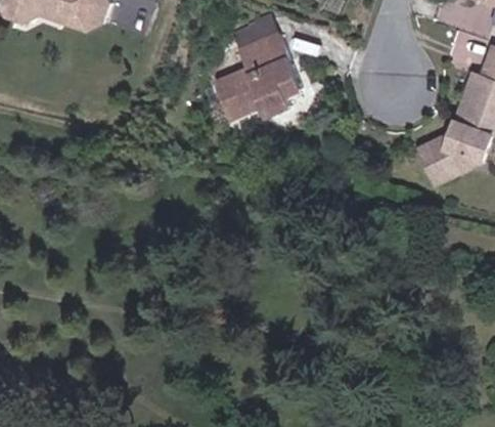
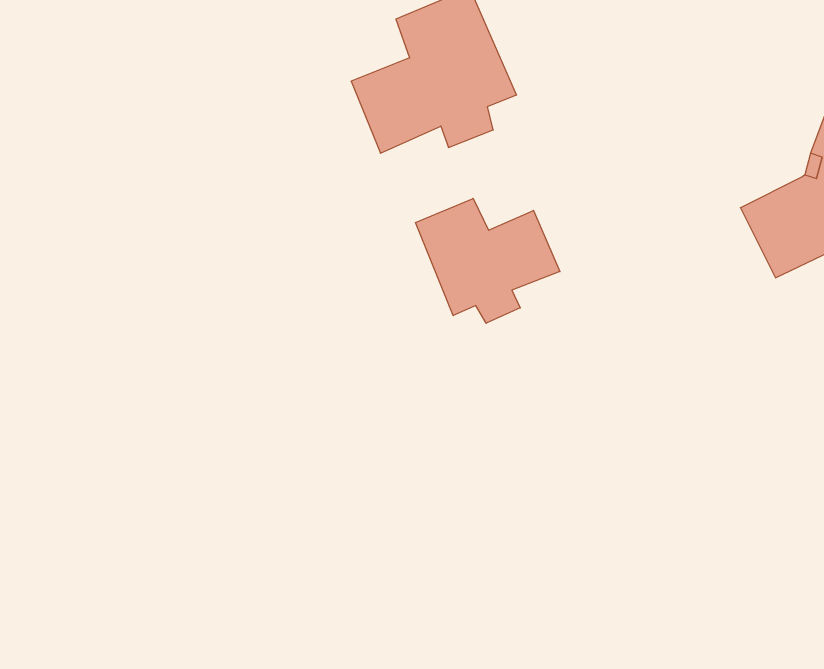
building: none -> [415,198,560,323]

